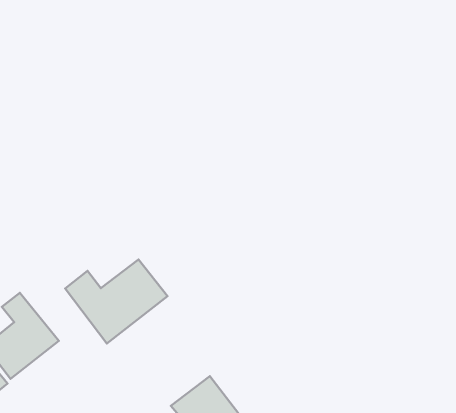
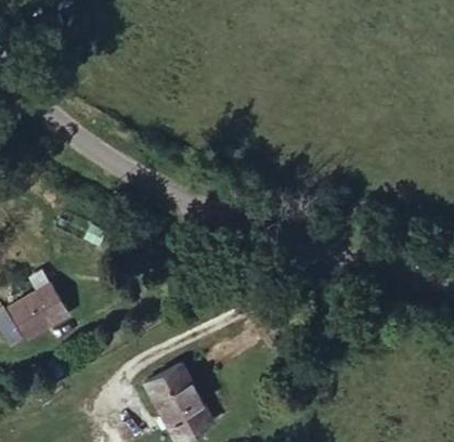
building: [65,259,167,344] -> none

